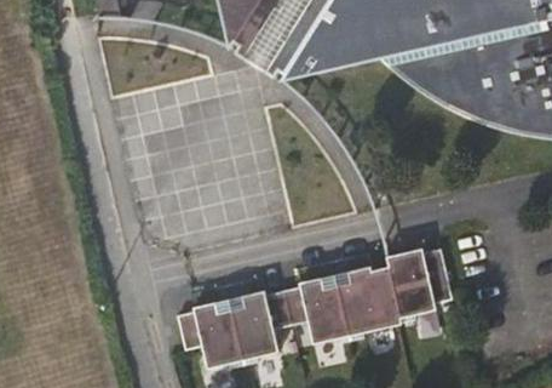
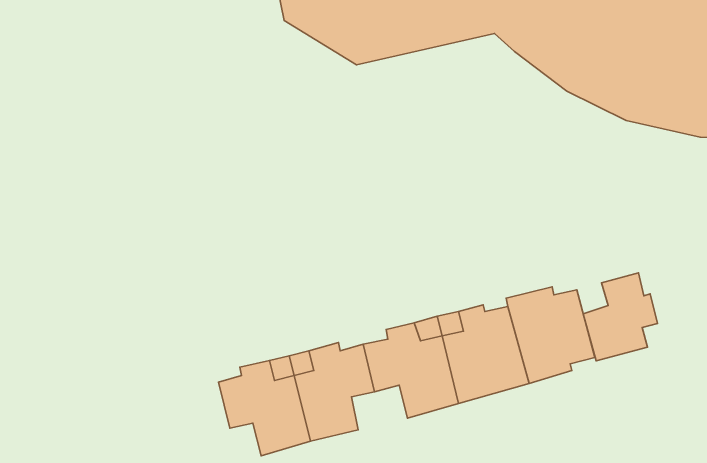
building: none -> [583,273,658,361]

